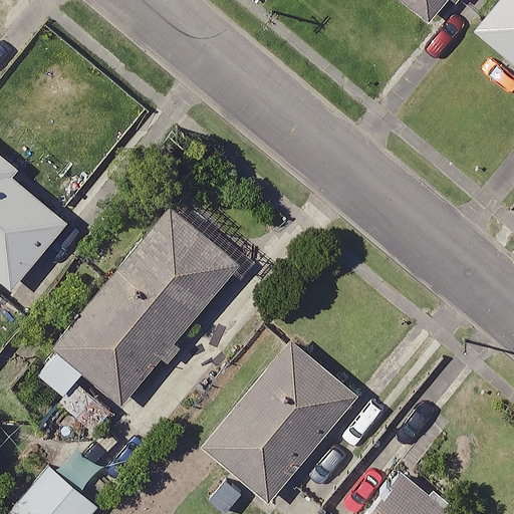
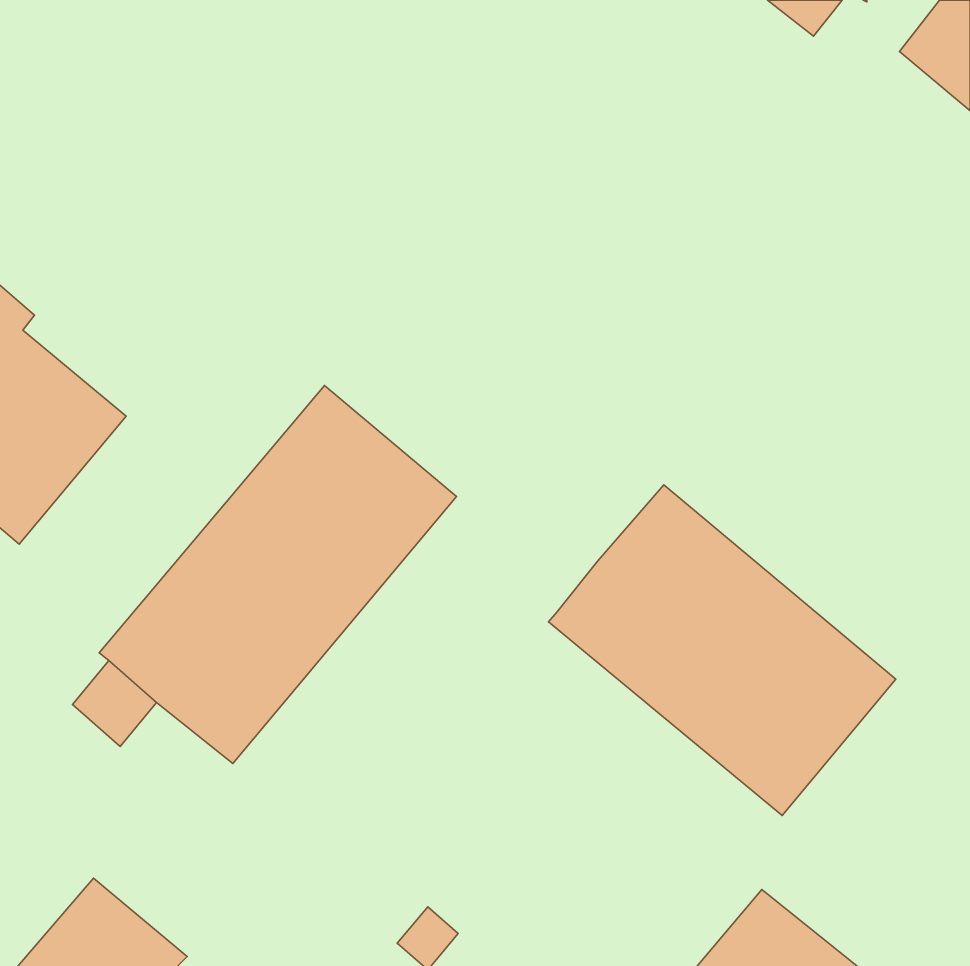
building: none -> [548,485,896,816]
building: [200,340,356,503] -> none

